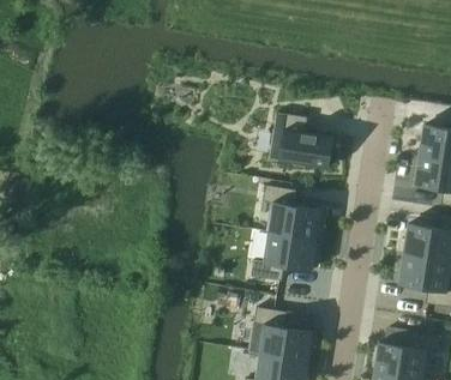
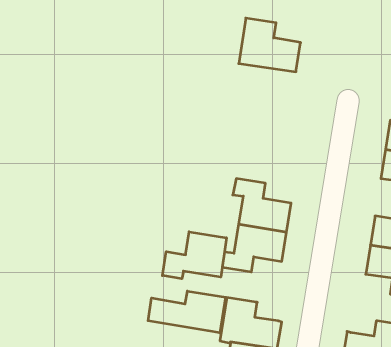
building: [267,114,331,169] -> [239,18,301,72]
building: none -> [162,232,226,279]
building: none -> [148,291,226,333]

